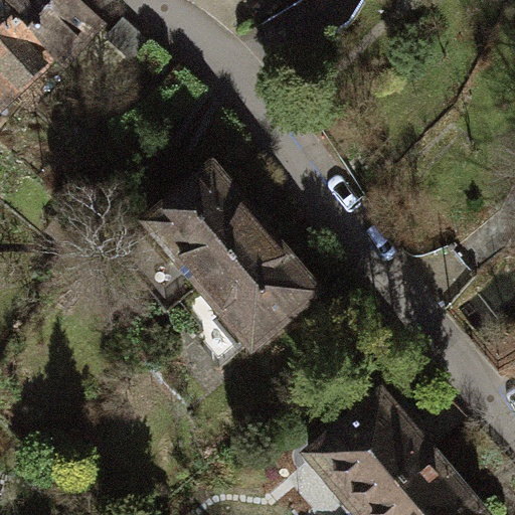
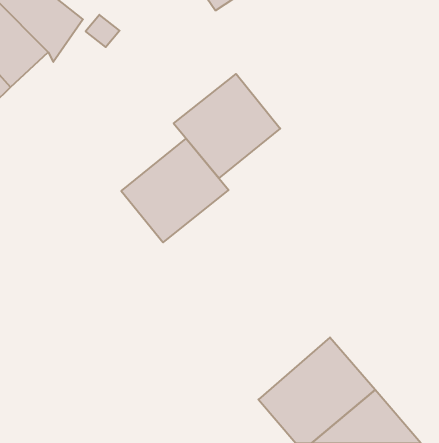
building: none -> [174,74,280,178]
building: [171,219,327,368] -> none

